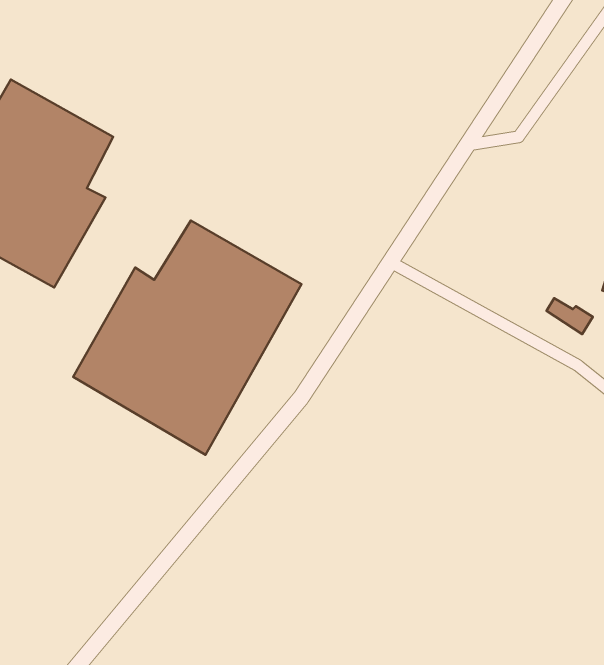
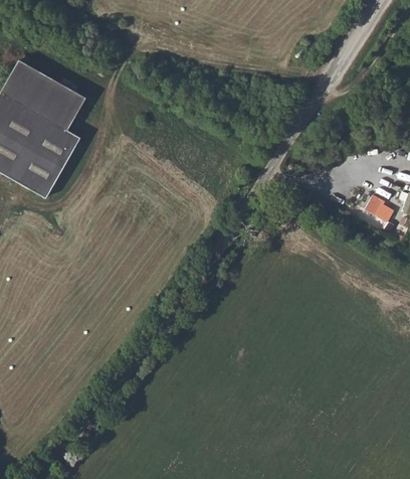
building: [73,221,301,455] -> none

